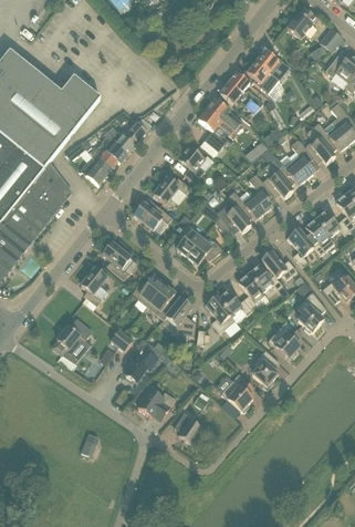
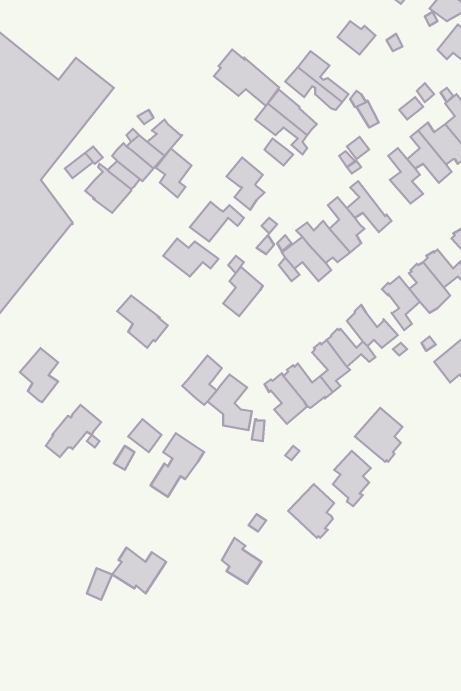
building: [247,61,279,92] -> none
building: none -> [214,50,279,106]
building: none -> [156,149,191,198]
building: [270,156,306,186] -> none
building: [187,238,222,265] -> none
building: [81,267,107,304] -> [20,348,58,402]
building: [132,275,165,304] -> none
building: [296,290,325,332] -> none
building: [137,388,175,420] -> [112,547,166,593]

